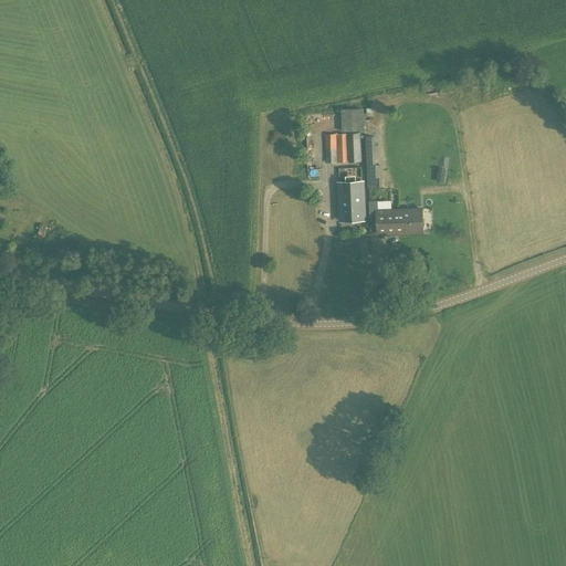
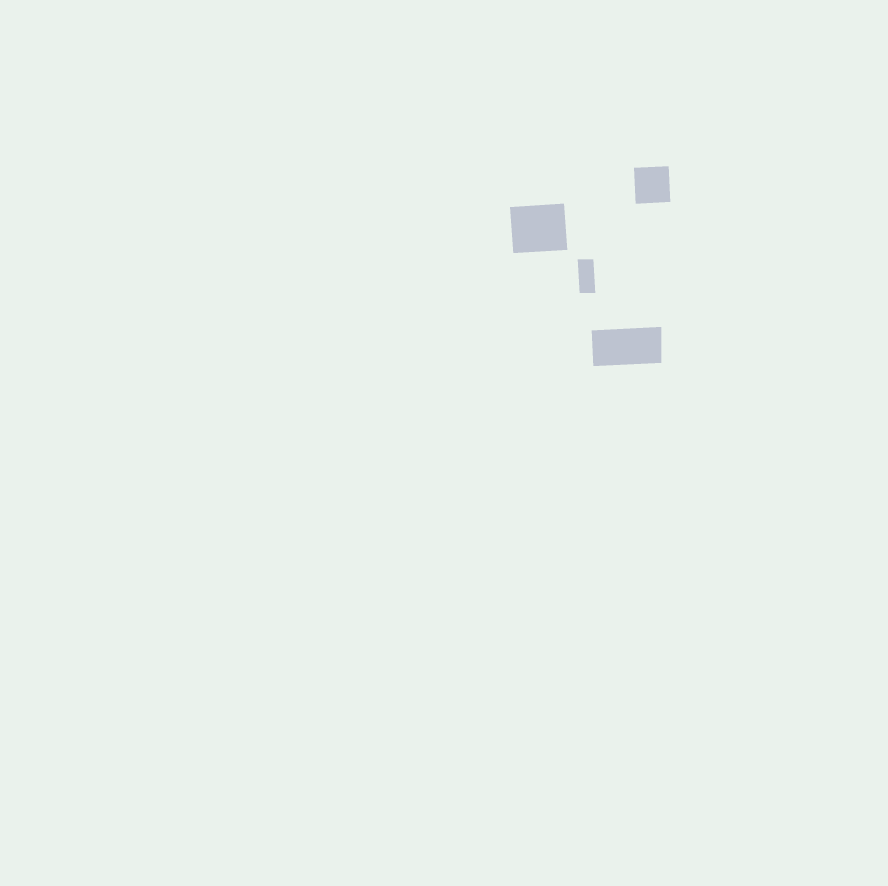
building: [339,106,364,130] -> [633,166,671,204]
building: [339,182,363,219] -> none

